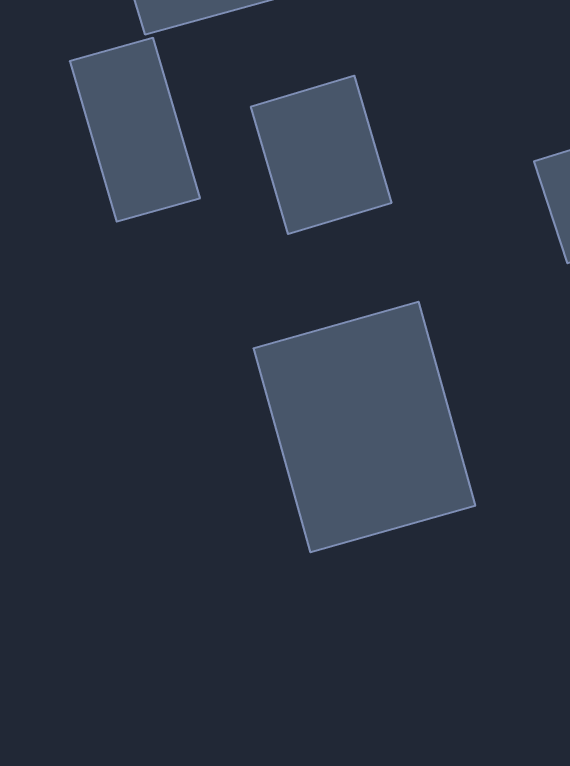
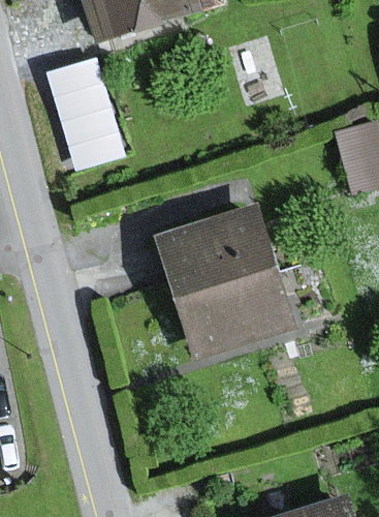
building: [251,76,391,234] -> none

